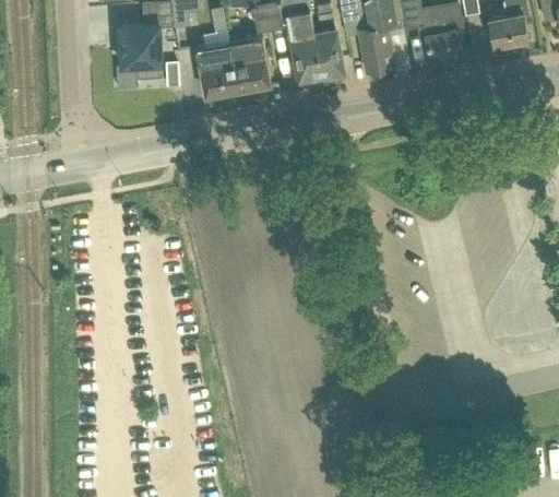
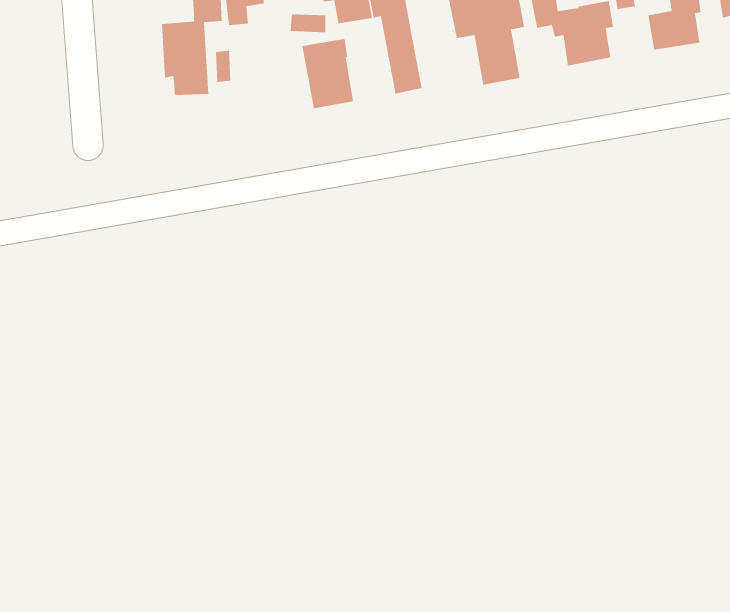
building: [312,14,341,75] -> none
building: [194,44,238,96] -> none

